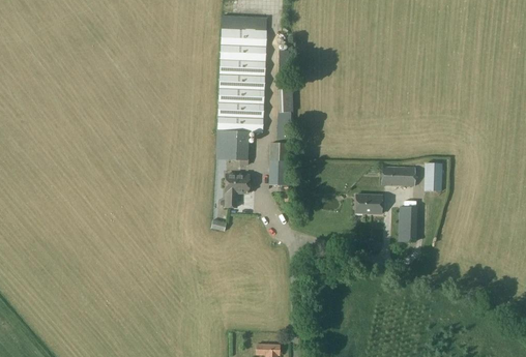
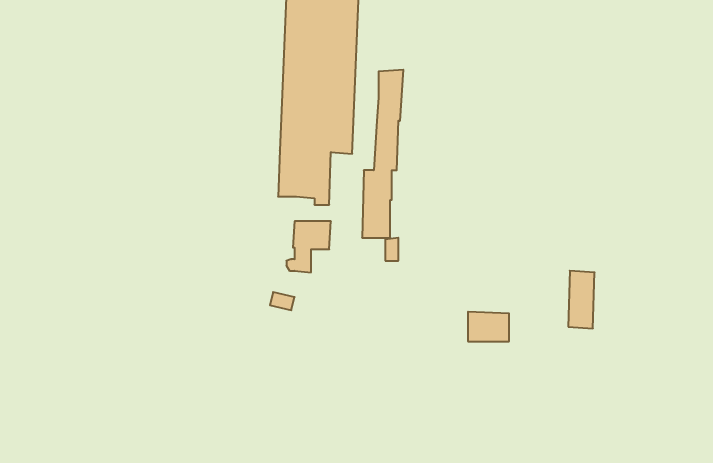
building: [425,161,443,189] -> none
building: [381,165,415,185] -> none
building: [356,194,382,212] -> [468,312,509,341]

